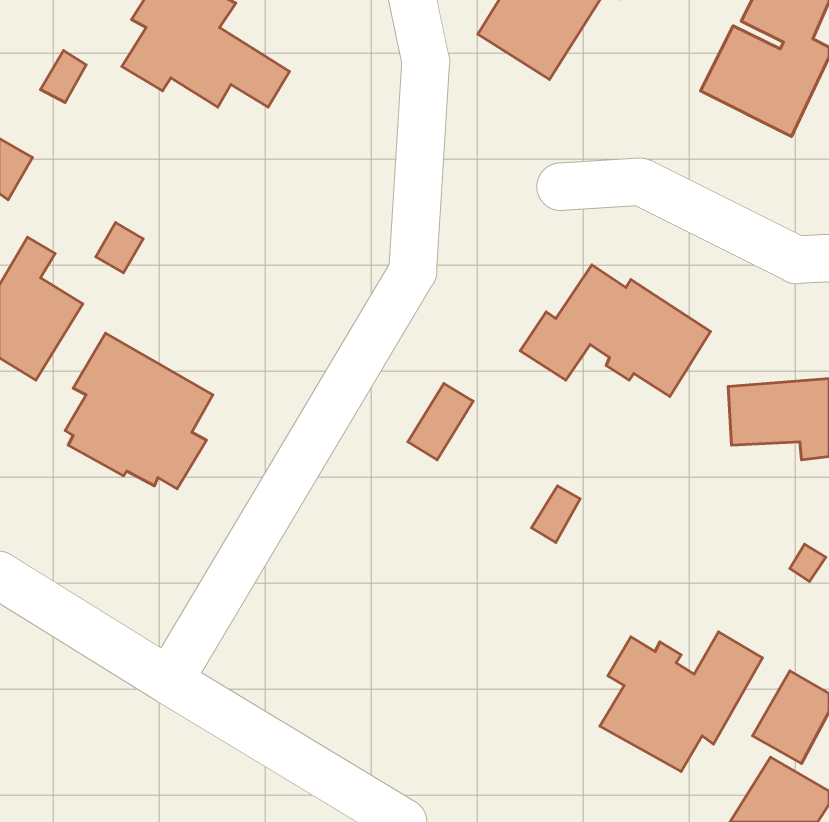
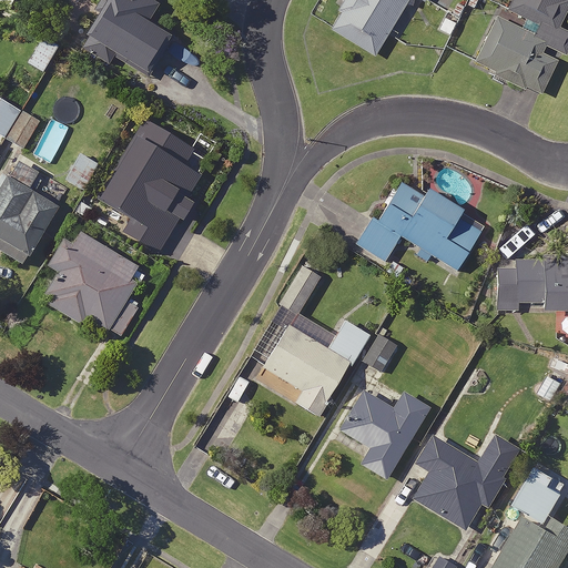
building: none -> [100,120,209,258]
building: none -> [258,317,369,414]
building: none -> [339,390,427,477]

